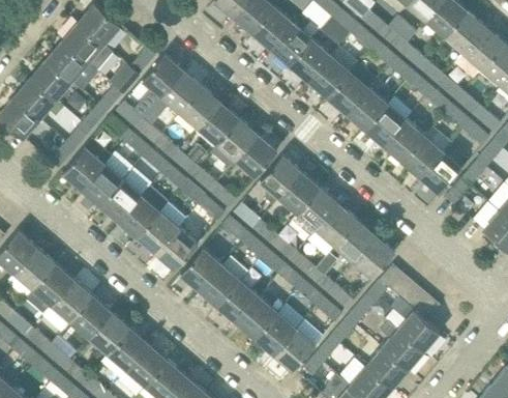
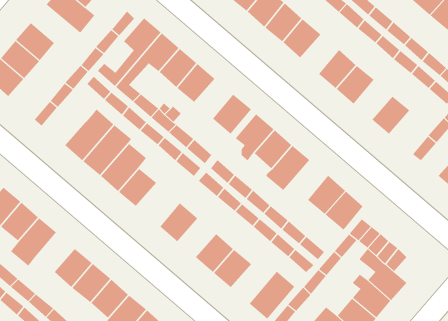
building: [47,41,98,90] -> none
building: [328,73,368,114] -> none
building: [211,119,258,168] -> none
building: [384,120,424,162] -> none
building: [63,147,103,189] -> none
building: [421,152,462,194] -> none
building: [307,204,357,256] -> none
building: [156,228,198,269] -> none
building: [200,265,240,306] -> none
building: [44,280,92,331] -> none
building: [256,305,303,354] -> none

